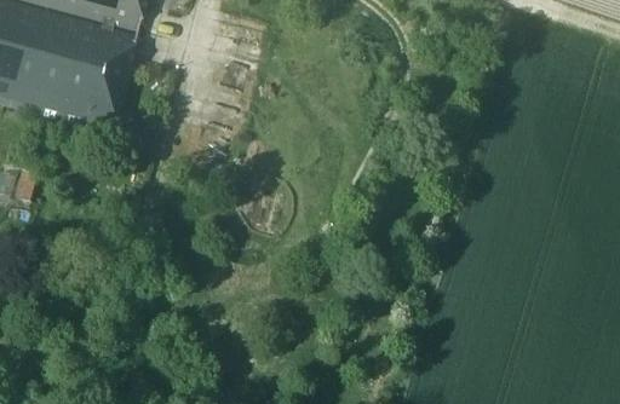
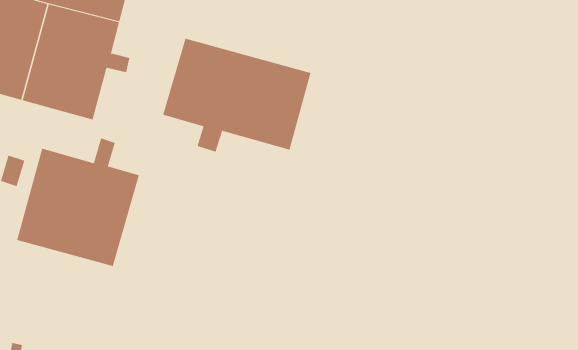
building: none -> [163,38,311,152]
building: none -> [16,138,139,267]

